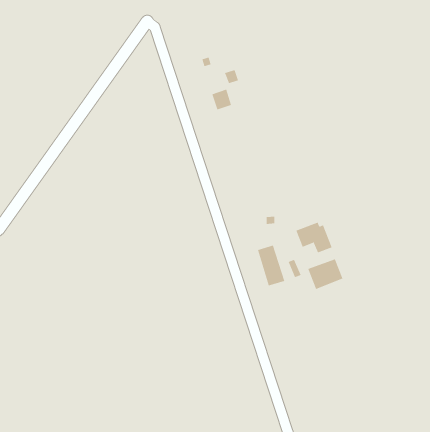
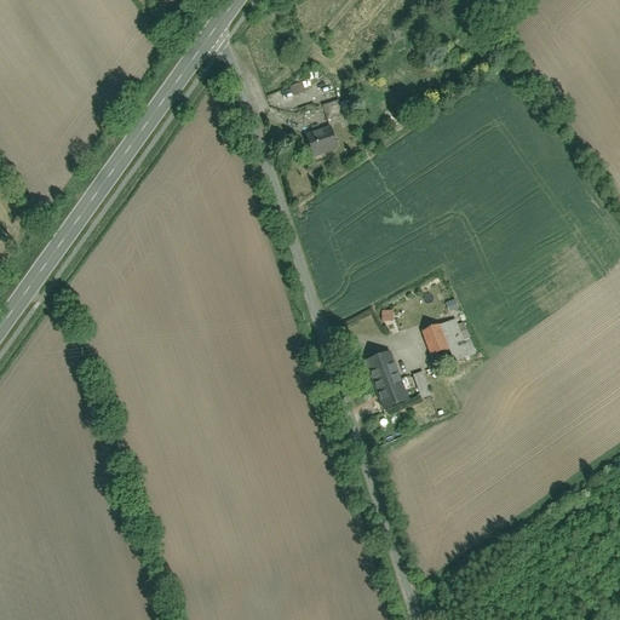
building: [307,259,343,290] -> none

